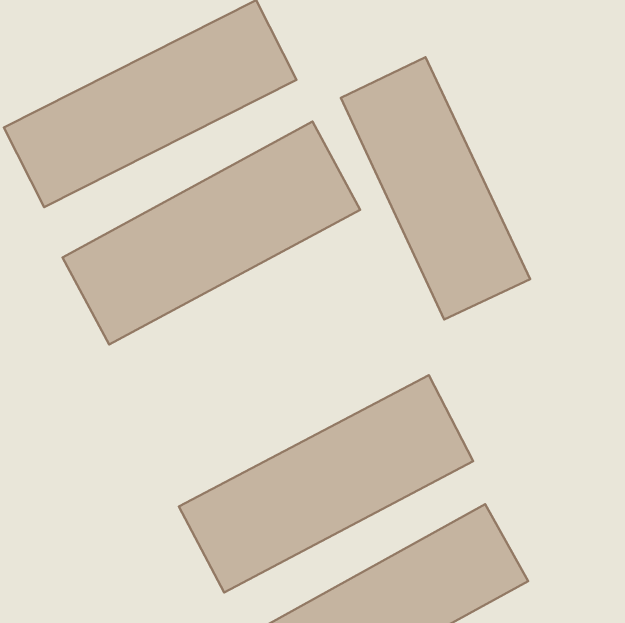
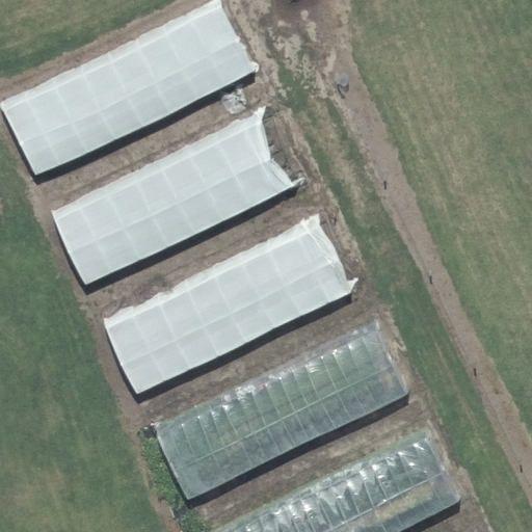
building: [341,57,530,319] -> none
building: none -> [102,218,349,393]

